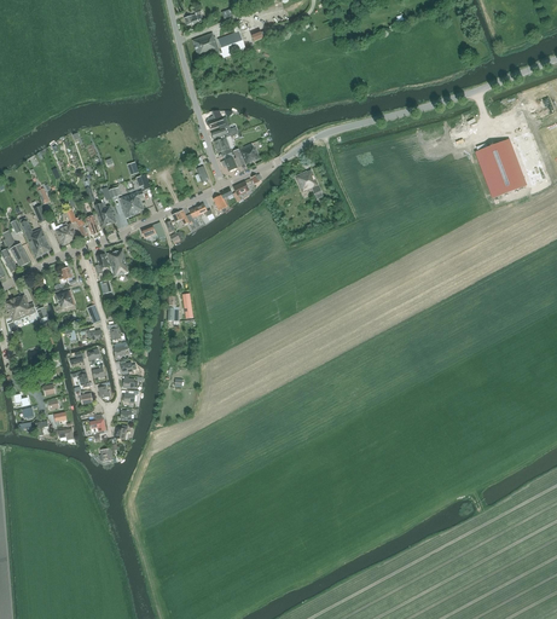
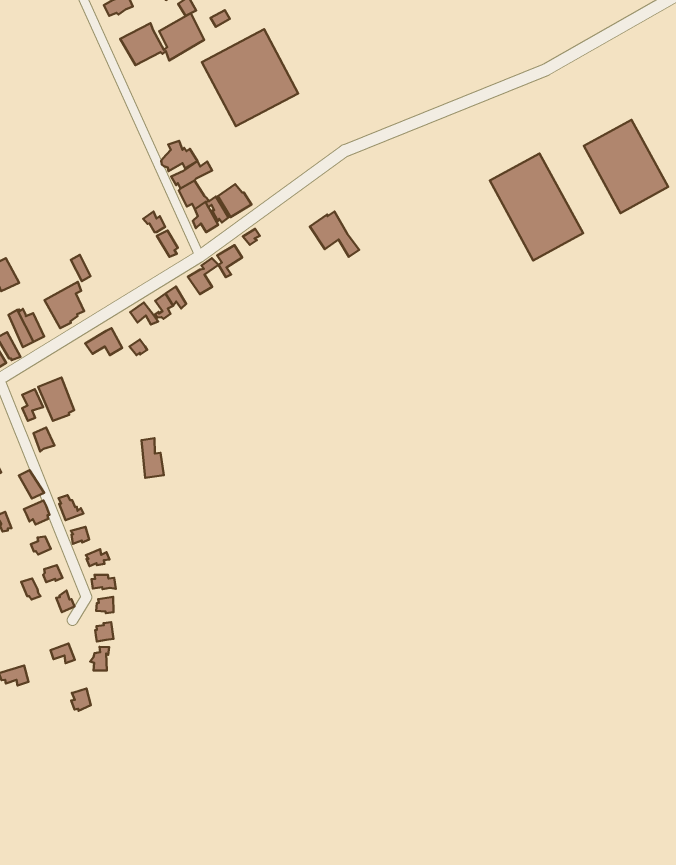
building: none -> [202,29,298,126]
building: none -> [490,153,583,260]

